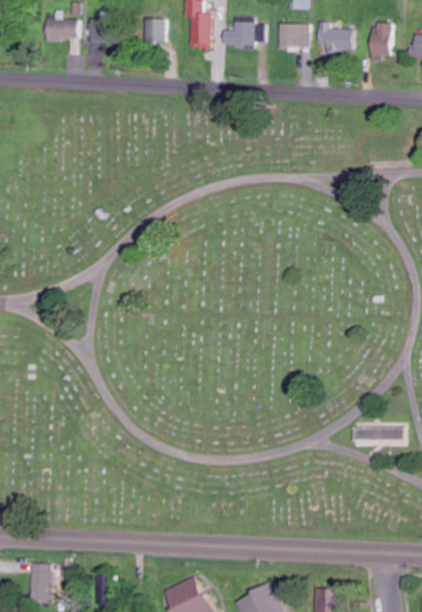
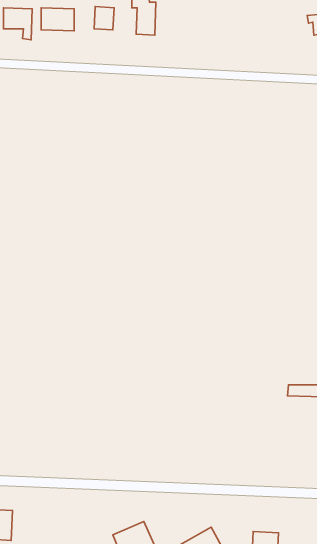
building: [220,18,253,48] -> none
building: [314,22,351,51] -> none
building: [276,24,308,48] -> none

